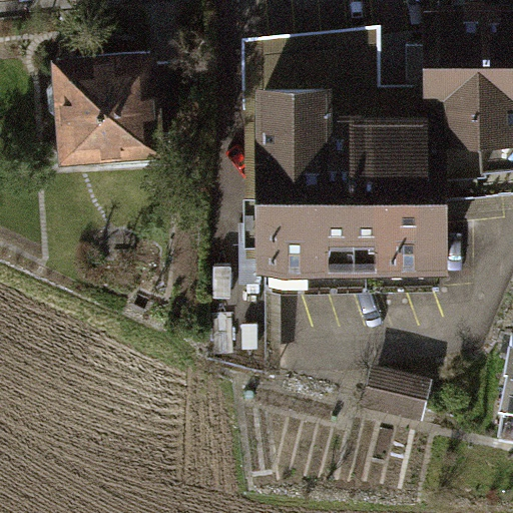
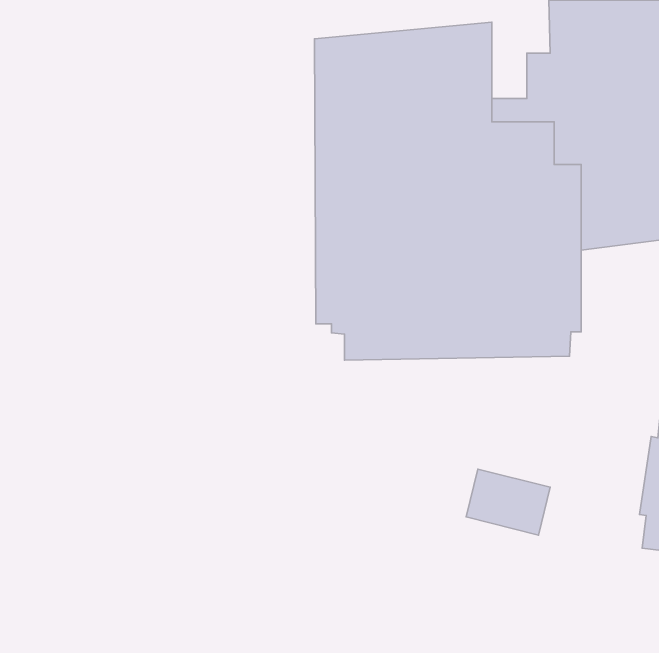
building: [64,52,174,163] -> none

